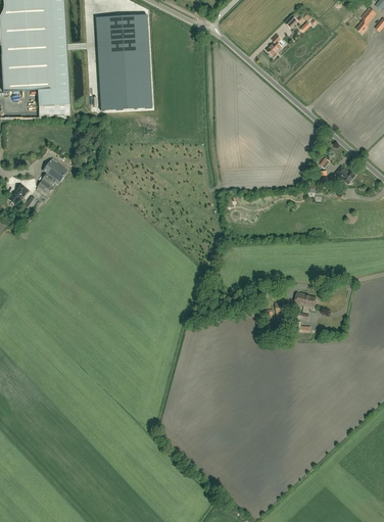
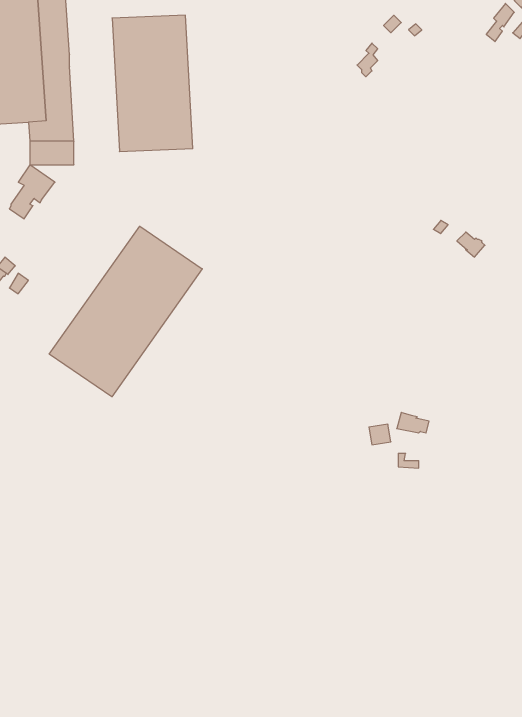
building: [37,156,68,194] -> [9,165,55,219]
building: none -> [49,226,202,397]

